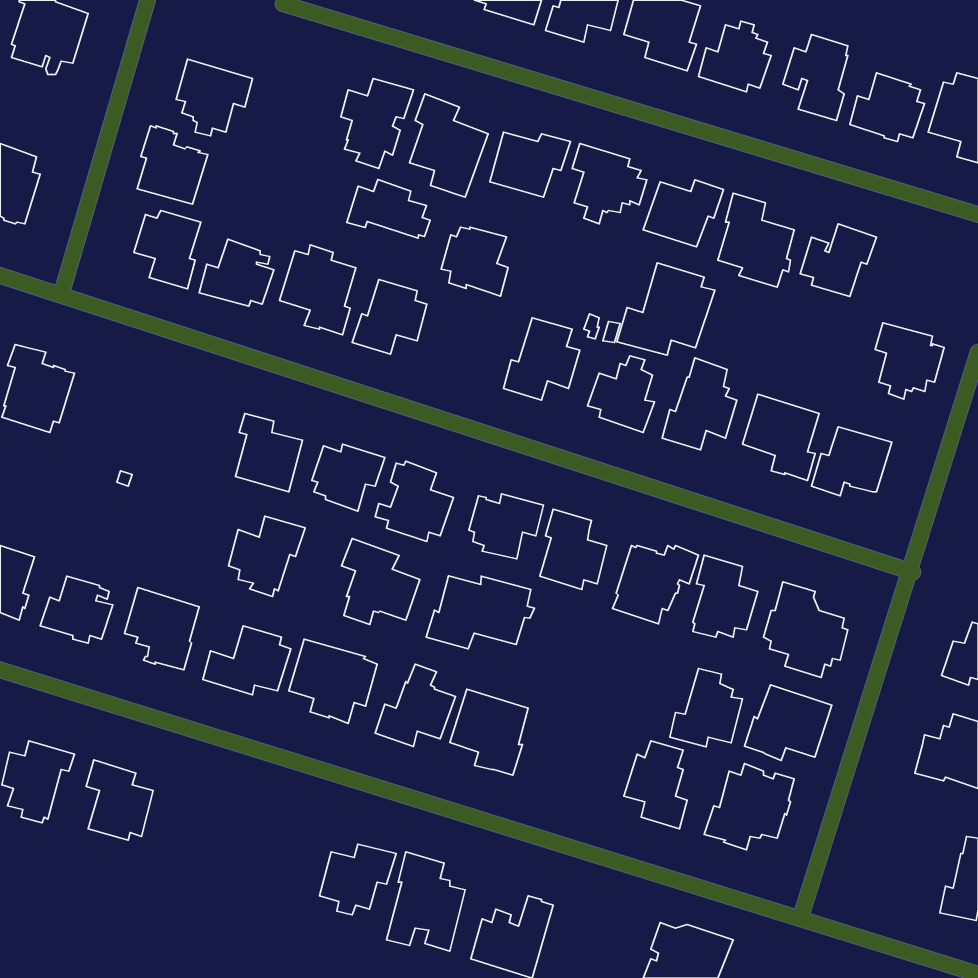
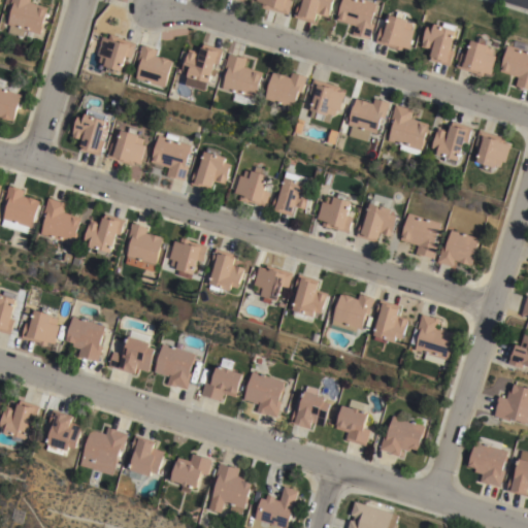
building: [137,126,208,204] -> [135,44,173,87]
building: [347,180,430,238] -> none
building: [441,227,508,296] -> [234,170,270,207]
building: [617,263,715,355] -> none
building: [875,323,944,399] -> [474,130,512,171]
building: none -> [40,197,81,250]
building: [228,516,305,597] -> [85,213,126,257]
building: [342,539,420,625] -> none
building: [426,576,535,649] -> none
building: [670,668,743,747] -> [291,387,330,429]
building: [745,685,832,761] -> none
building: none -> [79,428,128,476]
building: none -> [130,435,167,478]
building: none -> [467,436,507,488]

